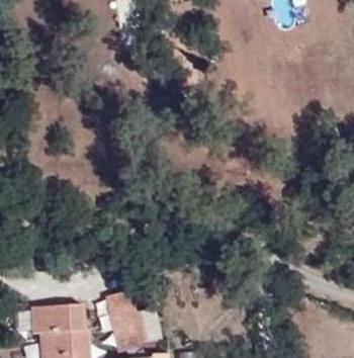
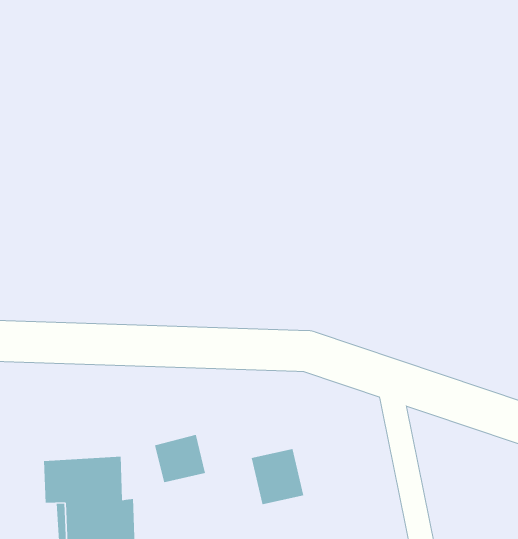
building: [110,314,145,350] -> [251,448,304,505]

